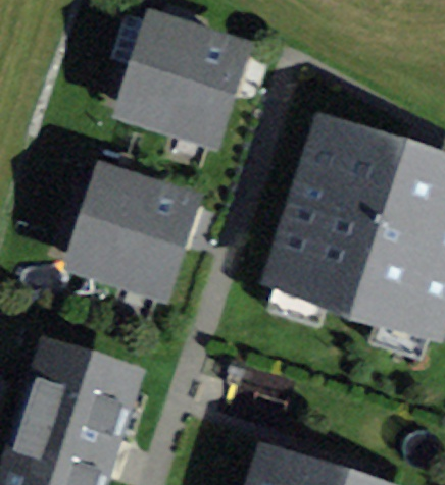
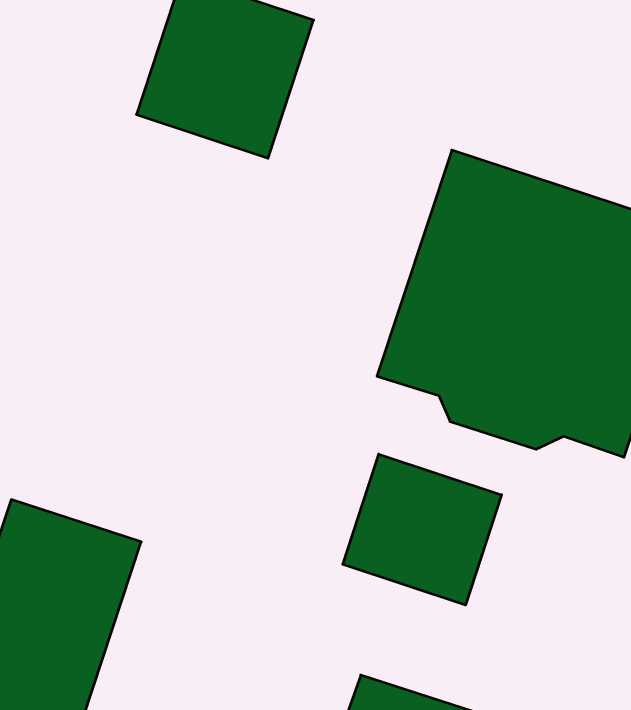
building: [77,172,188,286] -> none
building: none -> [343,454,502,605]

